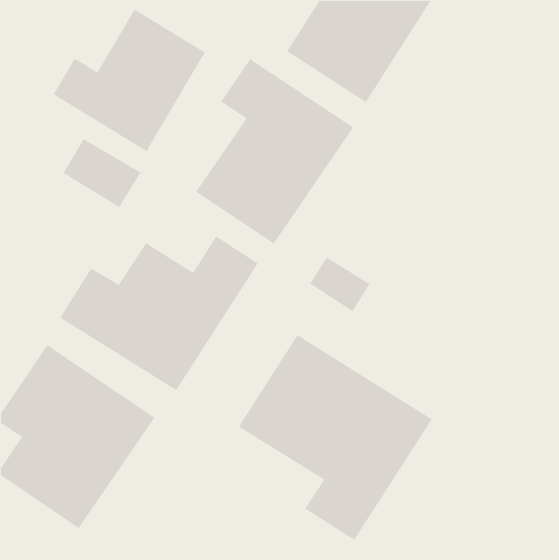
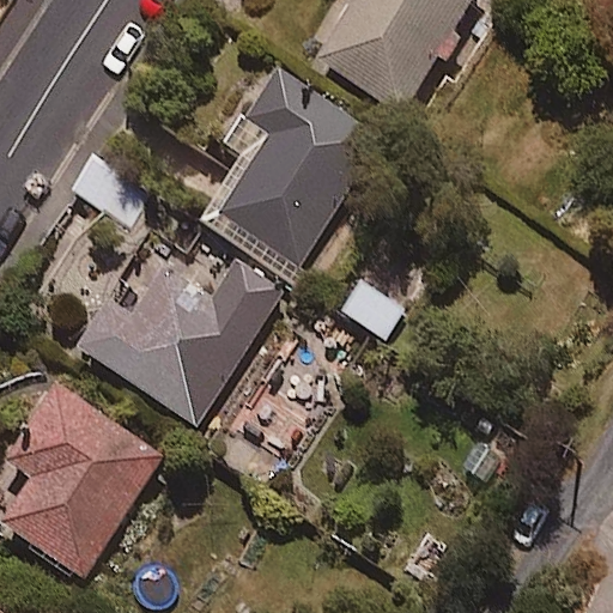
building: [52,9,206,152] -> none
building: [238,334,433,541] -> none

